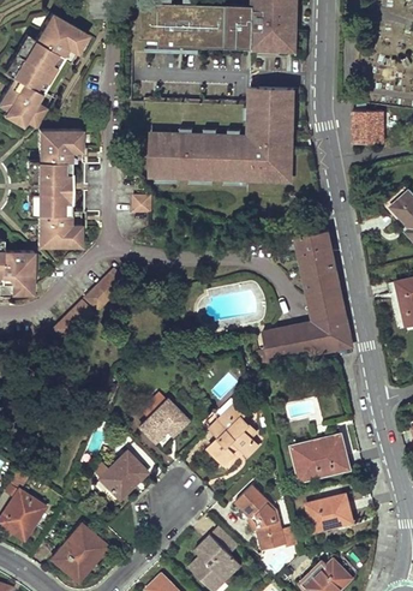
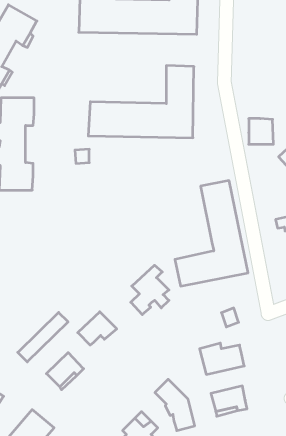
building: [353,111,384,143] -> [249,119,273,144]
building: [60,273,124,335] -> [18,312,68,362]
building: [209,401,257,464] -> [131,265,169,315]

